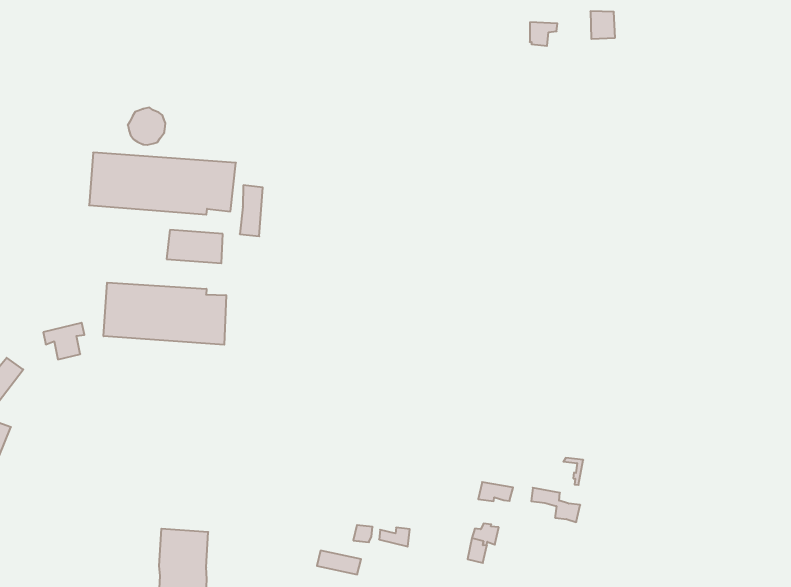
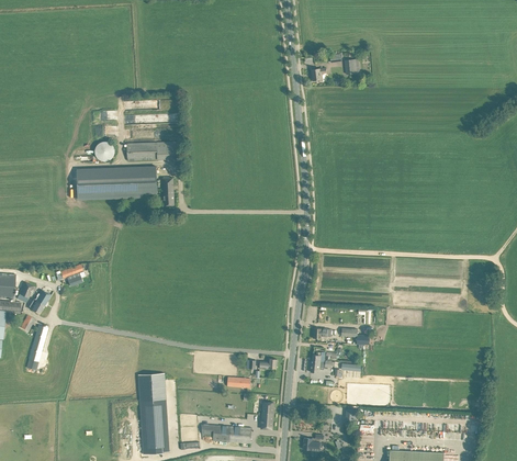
building: [167,230,223,263] -> [126,143,157,160]
building: [104,283,226,345] -> none

